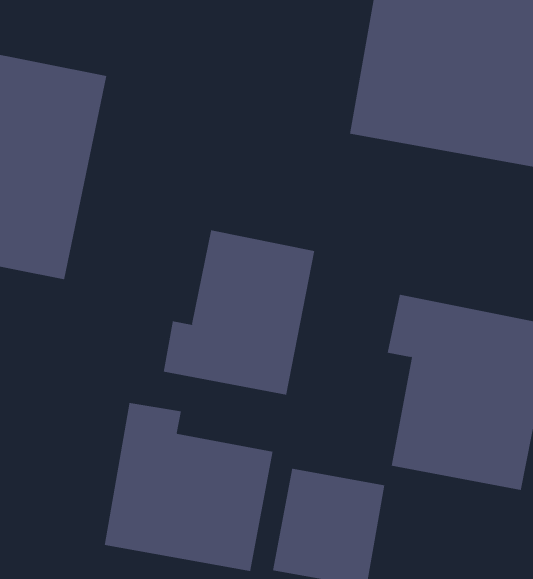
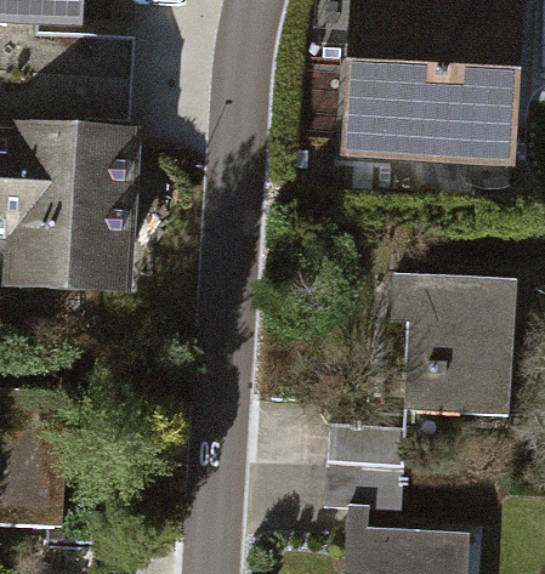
building: [163,229,315,396] -> none
building: [104,402,273,572] -> none

